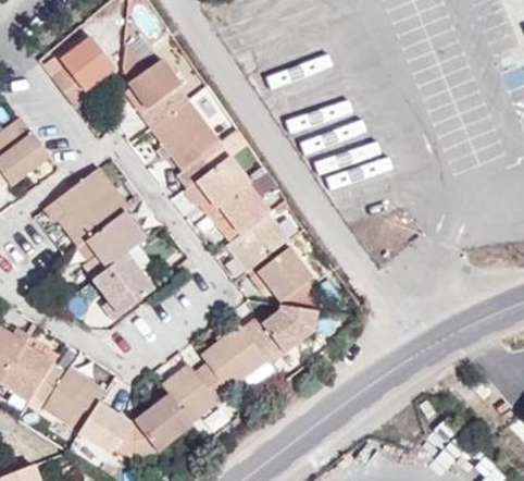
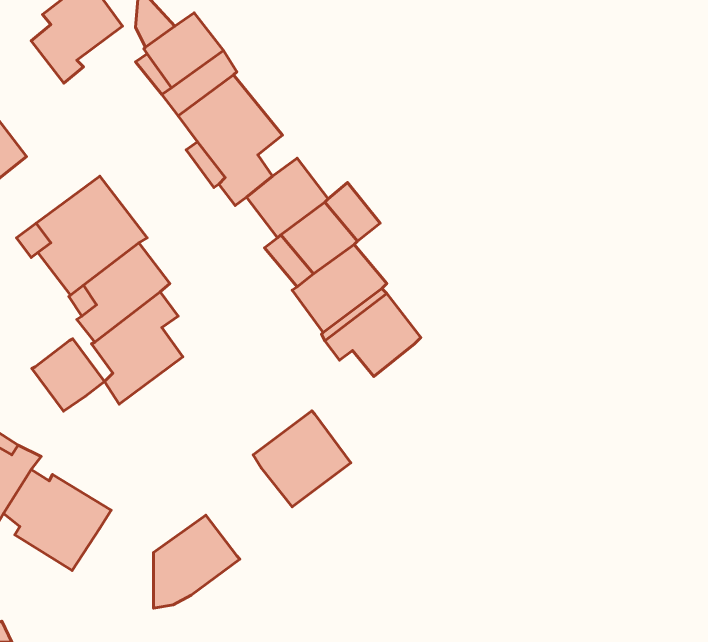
building: none -> [32,339,105,411]
building: [241,304,315,365] -> none
building: [160,362,230,421] -> none
building: [77,403,134,456] -> none

